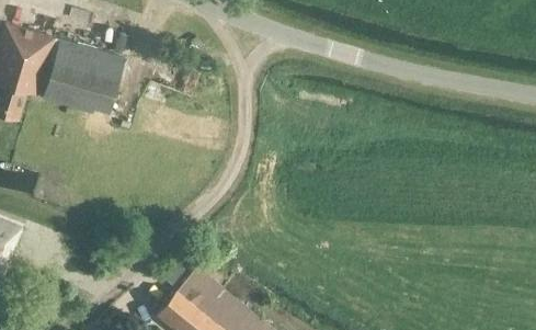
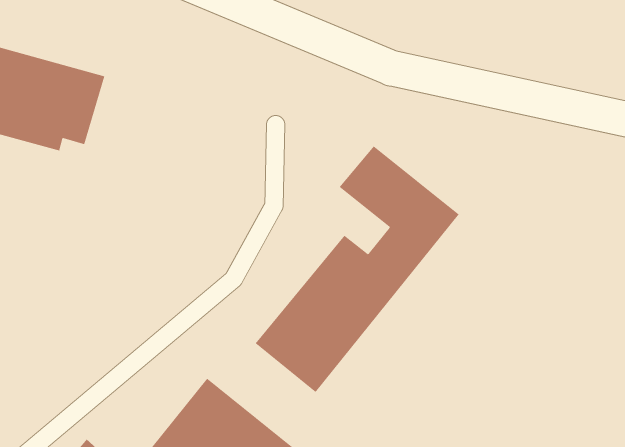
building: none -> [255,146,459,393]

